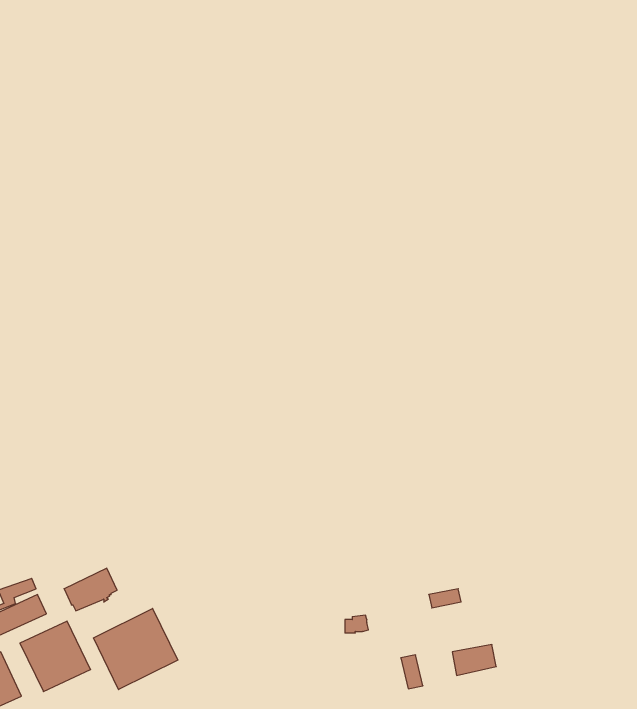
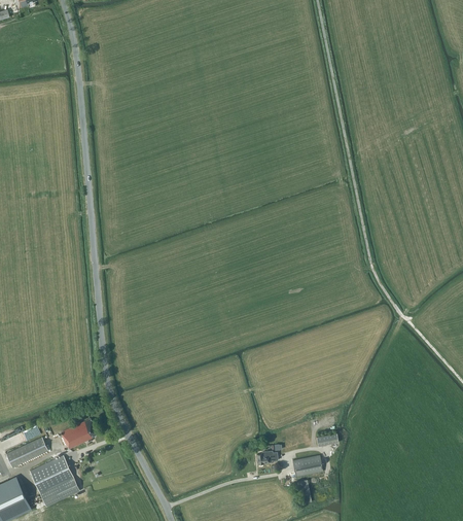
building: [93,608,178,690] -> none
building: [452,645,496,675] -> [292,455,323,477]

